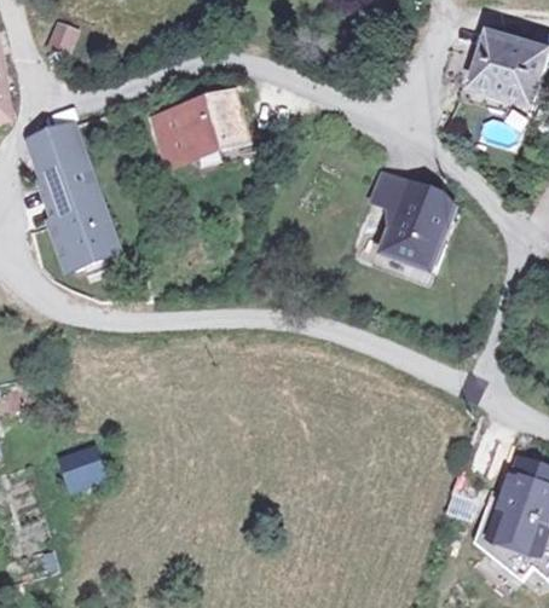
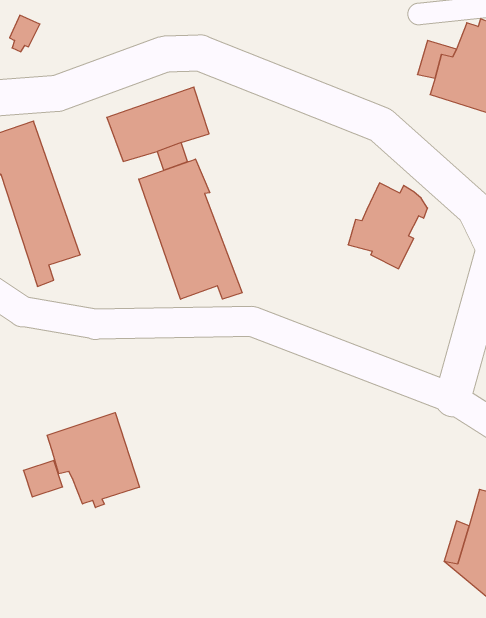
building: none -> [139,159,242,299]
building: [368,166,430,207] -> none
building: none -> [47,413,139,508]

